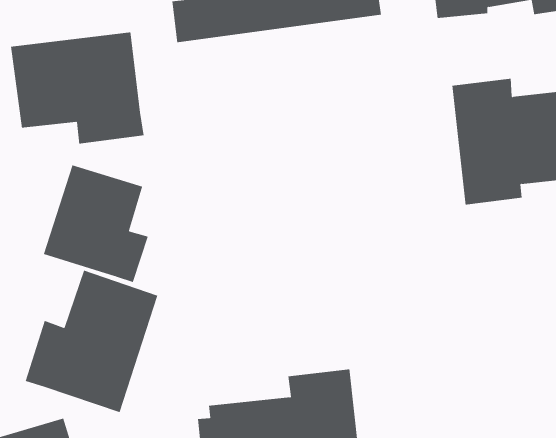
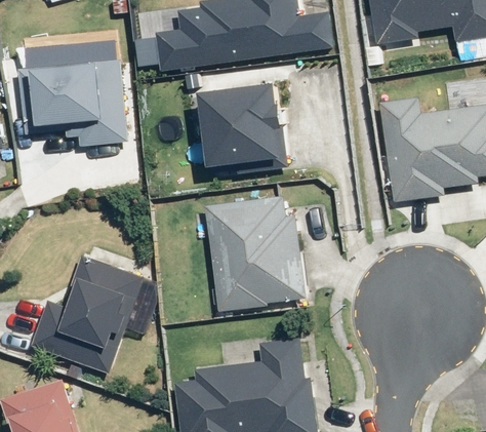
building: none -> [211,81,288,163]
building: [43,165,148,283] -> none
building: none -> [208,198,302,313]

